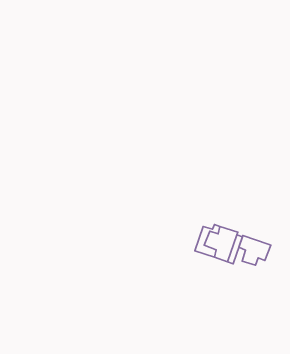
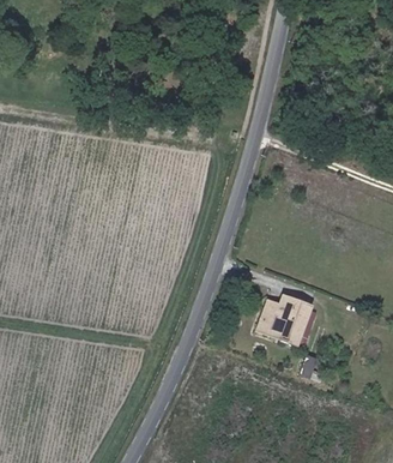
building: [239,235,271,265] -> none

